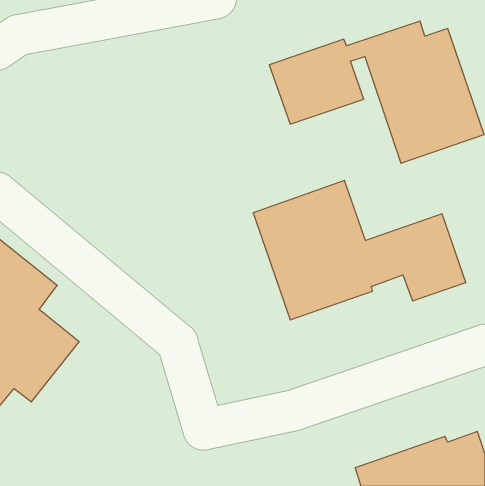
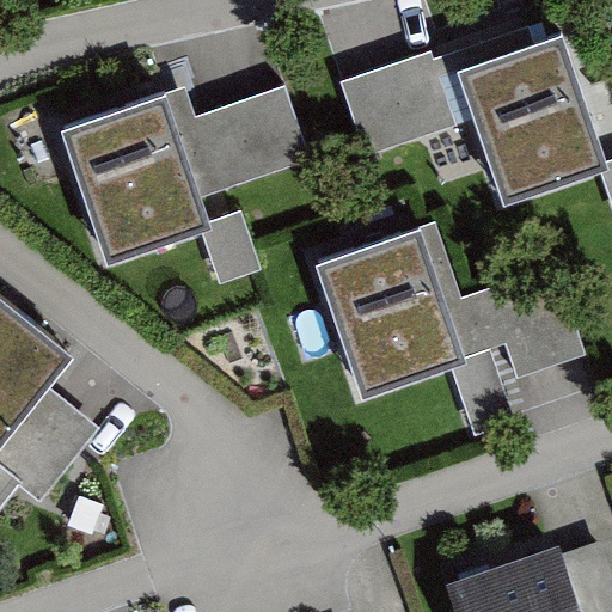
building: none -> [59,85,312,267]

